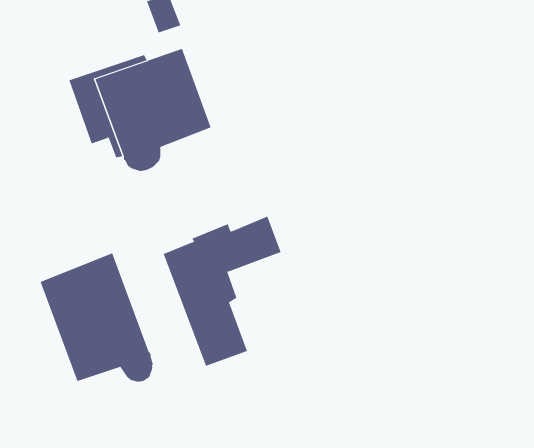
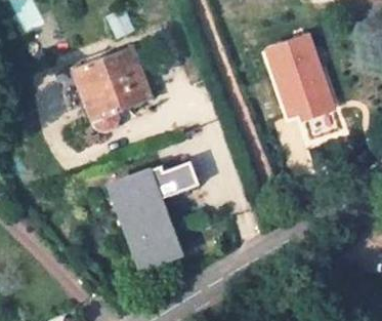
building: none -> [272,38,344,142]
building: [40,252,154,383] -> none

